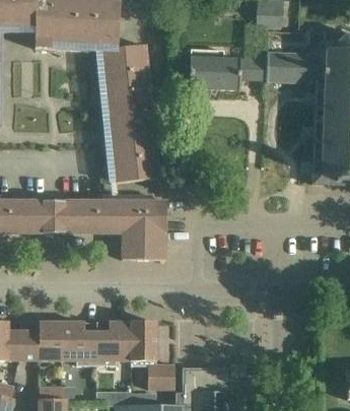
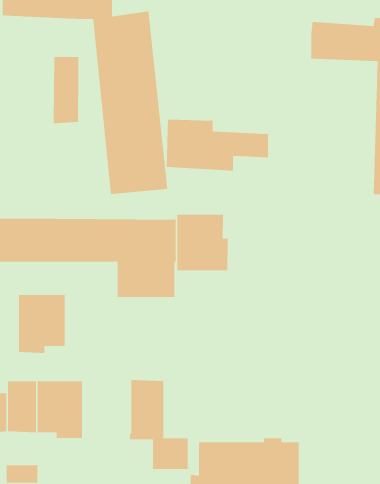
building: [189,50,266,89] -> [166,119,269,172]
building: none -> [53,56,79,124]
building: none -> [176,214,228,271]
building: [95,321,131,365] -> [18,294,66,354]

